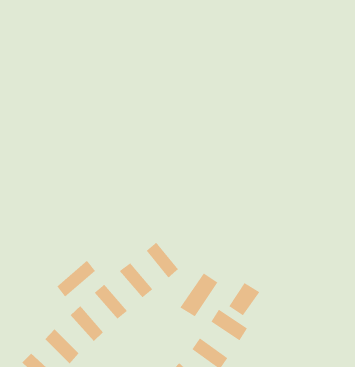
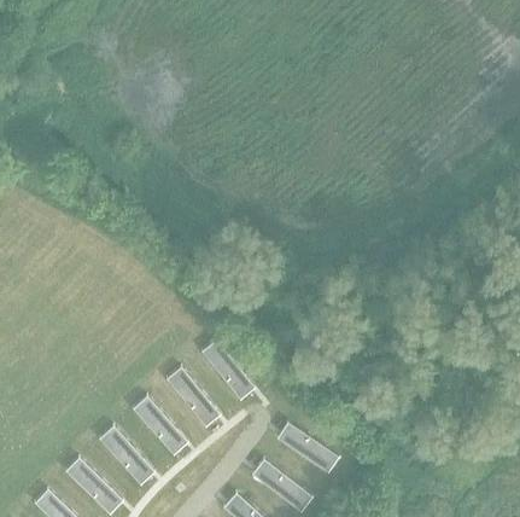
building: [56,260,96,298] -> none
building: [180,273,218,317] -> none
building: [228,282,260,316] -> none

